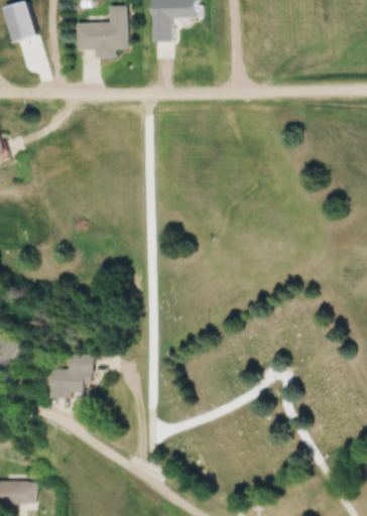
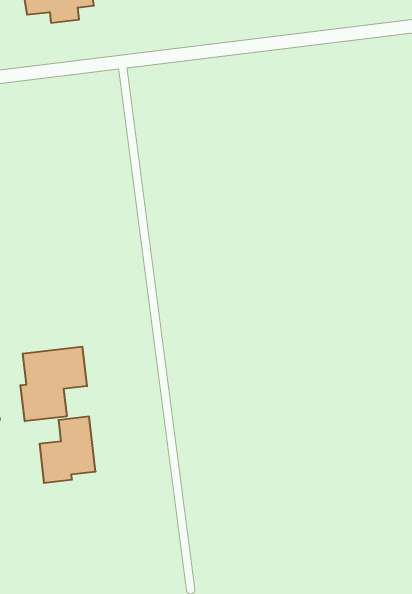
building: none -> [21,347,87,421]

